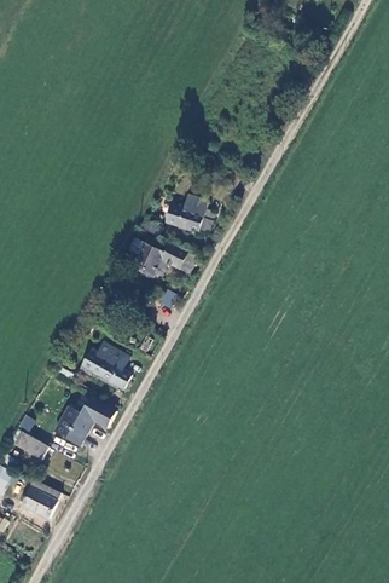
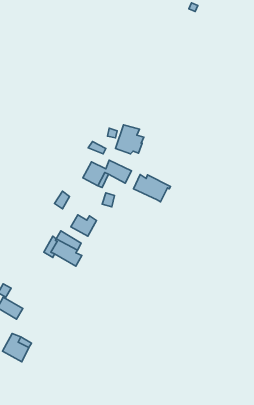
building: none -> [133,175,170,202]
building: none -> [71,215,96,236]
building: [57,399,116,446] -> none

